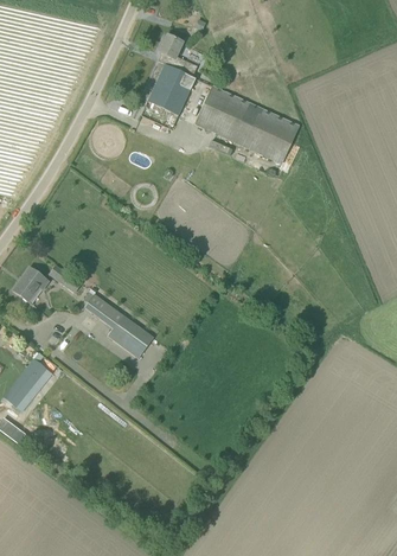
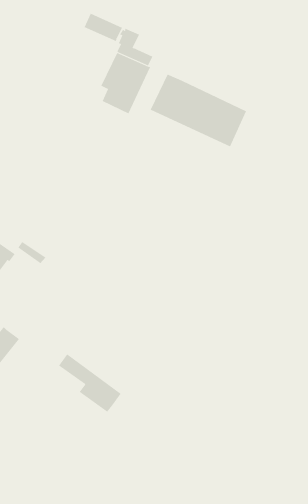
building: none -> [84,13,123,42]
building: [85,293,154,357] -> [58,354,122,413]

